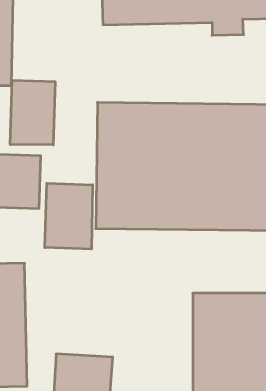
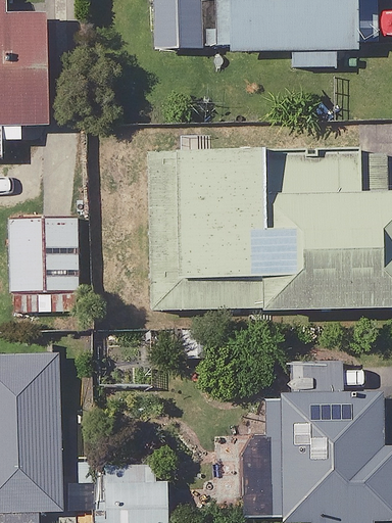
building: [10,80,55,145] -> none
building: [45,183,93,249] -> none

